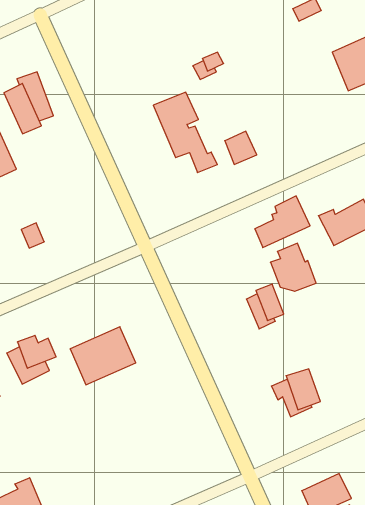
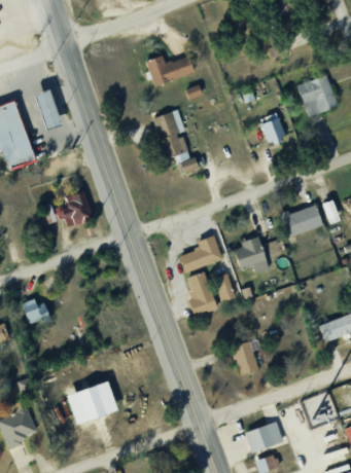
building: none -> [145,53,201,87]
building: [225,131,257,164] -> [261,116,286,142]
building: [255,196,310,248] -> [179,233,223,272]
building: none -> [57,186,95,229]
building: none -> [187,271,217,317]
building: [70,327,136,385] -> [76,374,128,419]

